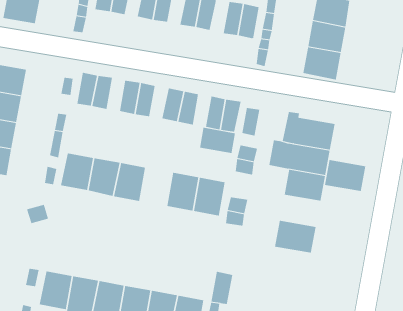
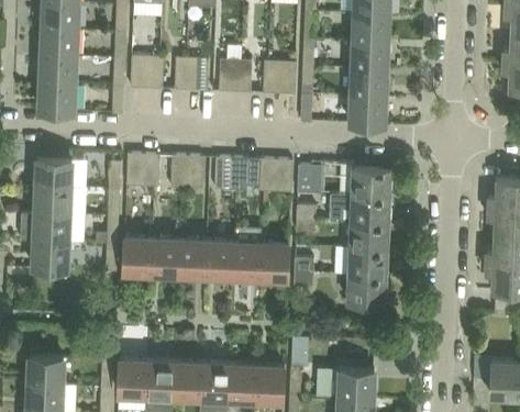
building: [199,127,235,154] -> none
building: [324,160,366,192] -> [348,248,388,276]
building: none -> [206,241,234,277]

